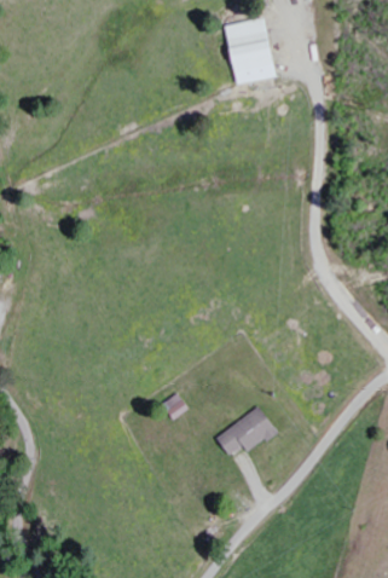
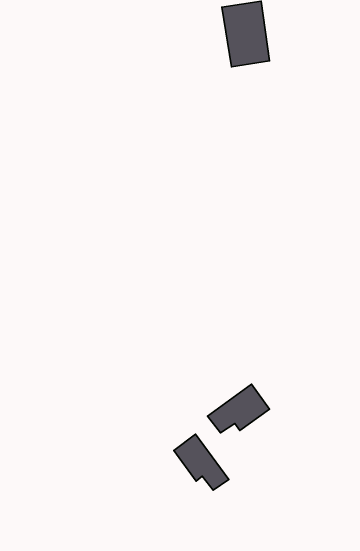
building: none -> [174,434,229,490]

